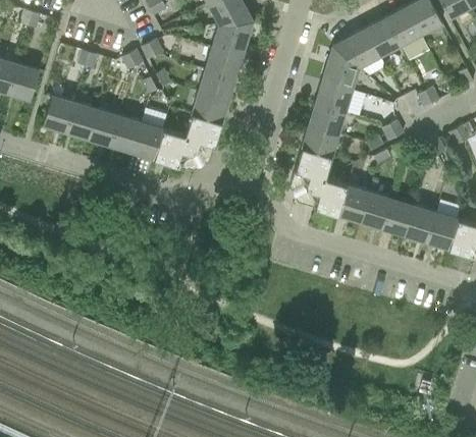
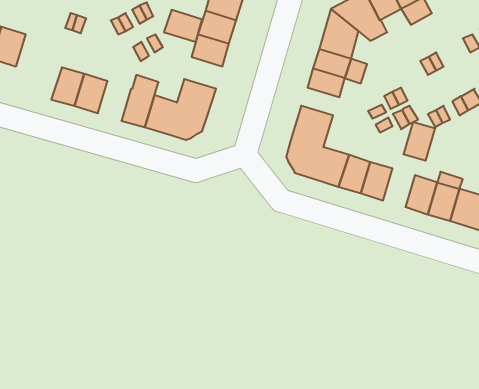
building: [192,92,228,122] -> [164,10,202,42]
building: [43,95,73,132] -> none
building: [109,115,141,153] -> none
building: [304,121,340,148] -> none
building: [382,199,413,235] -> [403,122,435,161]

